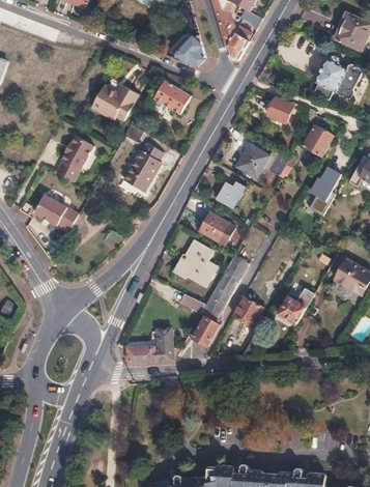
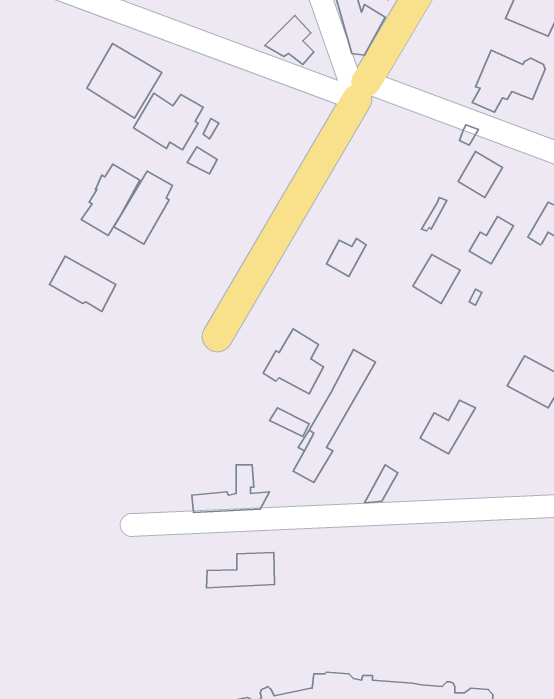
building: none -> [87,43,162,118]
building: [155,70,192,113] -> none
building: [265,97,291,123] -> none
building: [123,143,162,191] -> [114,171,172,244]
building: [235,144,266,176] -> [413,254,460,303]
building: [198,212,233,244] -> none
building: [231,296,260,325] -> none
building: none -> [206,552,274,588]

